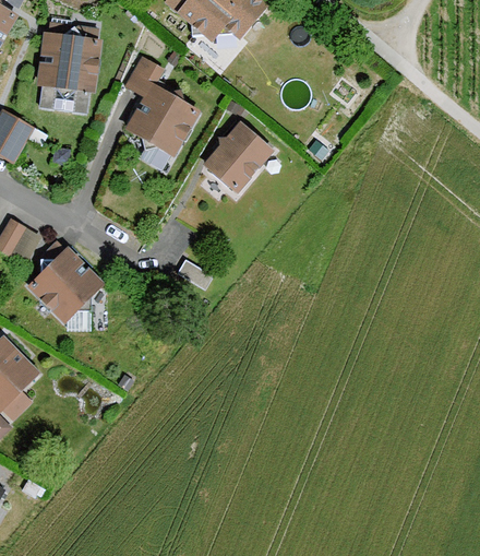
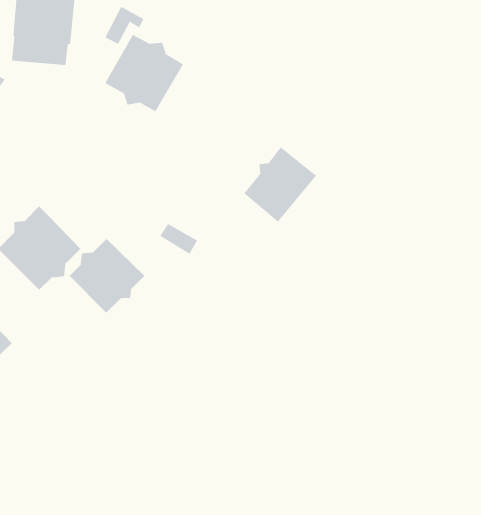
building: [204,121,273,192] -> [243,147,317,222]
building: none -> [69,238,145,314]

